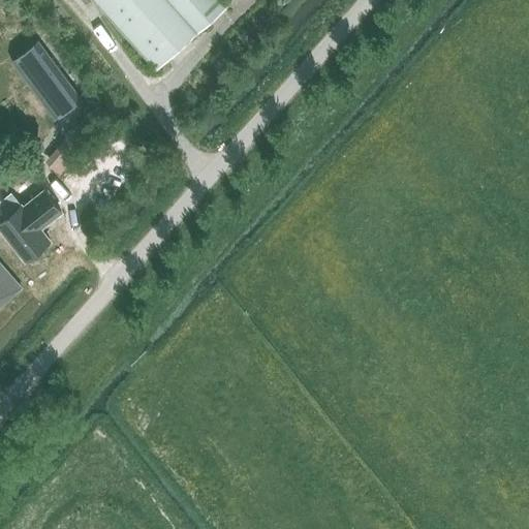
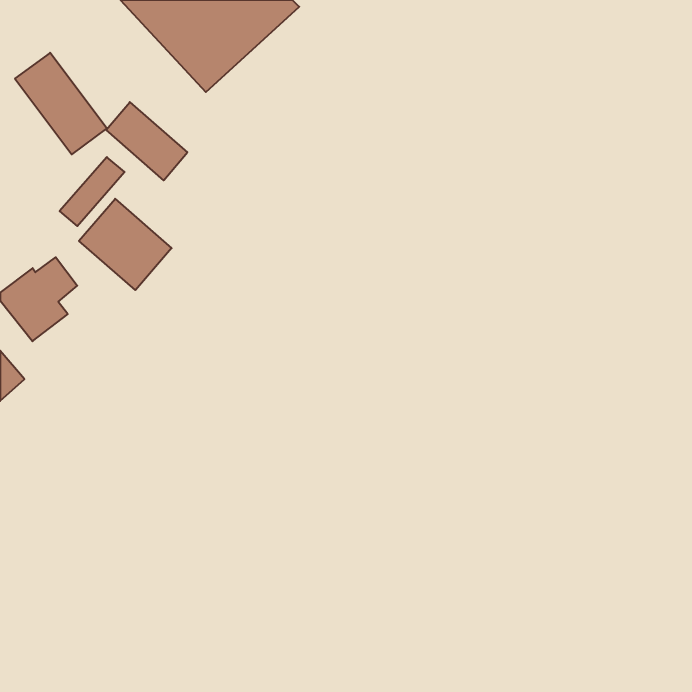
building: none -> [106,102,187,180]
building: none -> [79,199,172,290]

